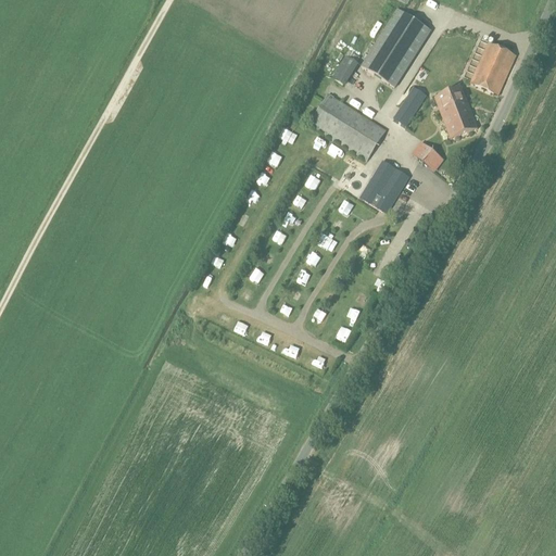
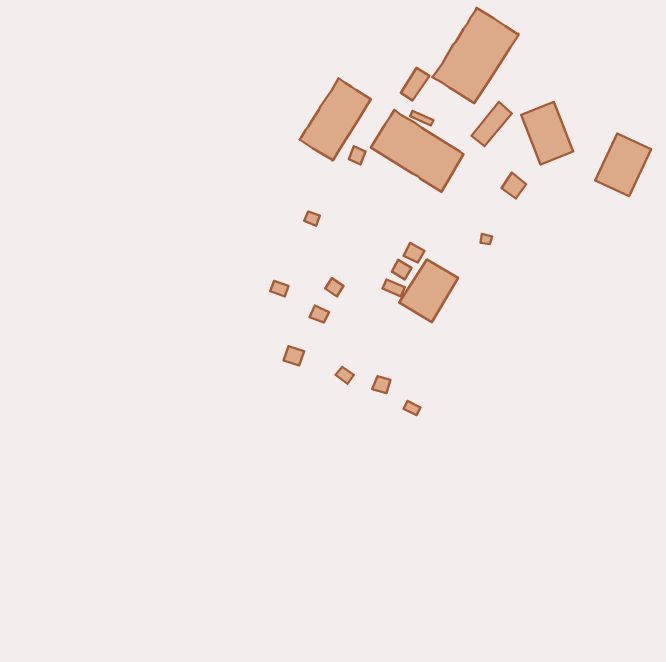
building: [470,41,517,93] -> [595,134,651,196]
building: none -> [300,78,371,161]
building: [361,160,409,212] -> [399,260,458,322]

